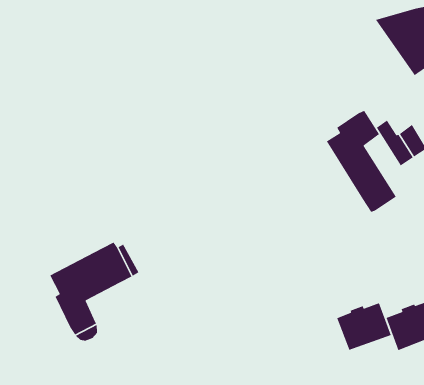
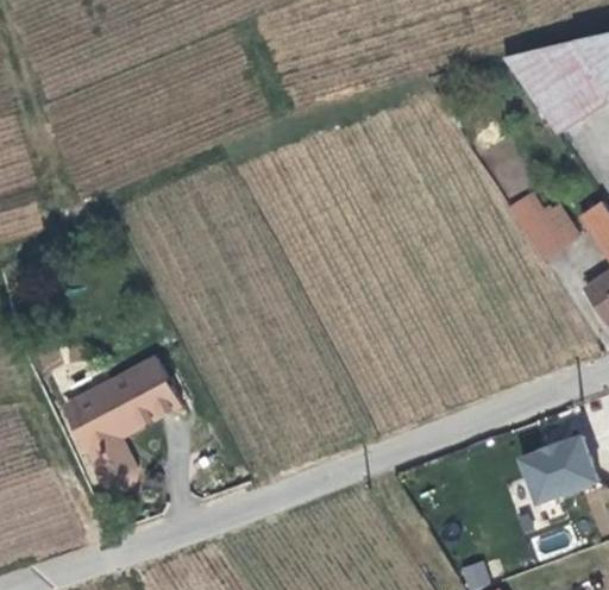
building: [326,110,397,213] -> none
building: [336,302,392,351] -> none

